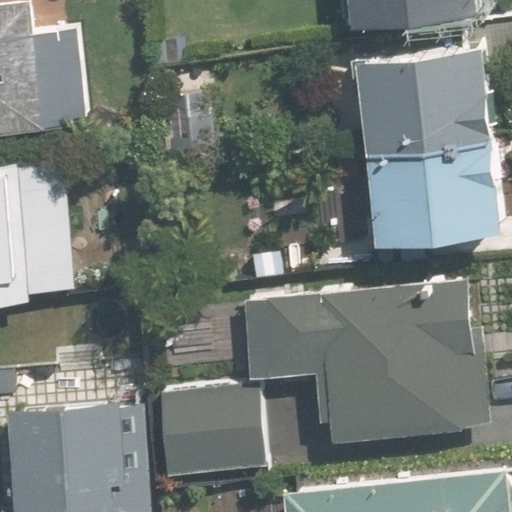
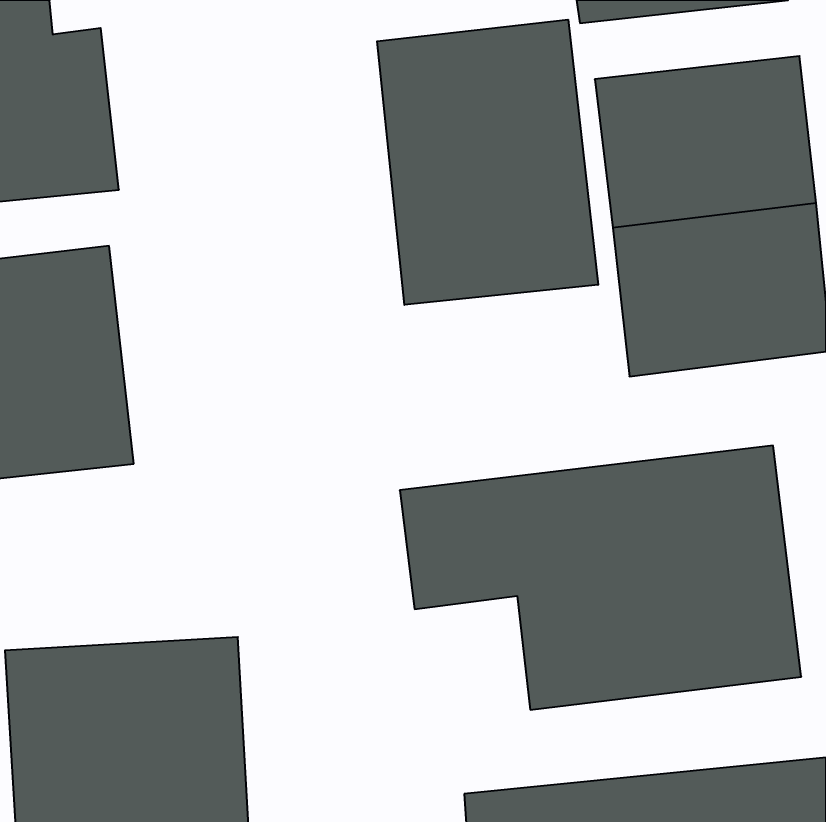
building: none -> [377,20,598,305]
building: [158,390,255,475] -> none

